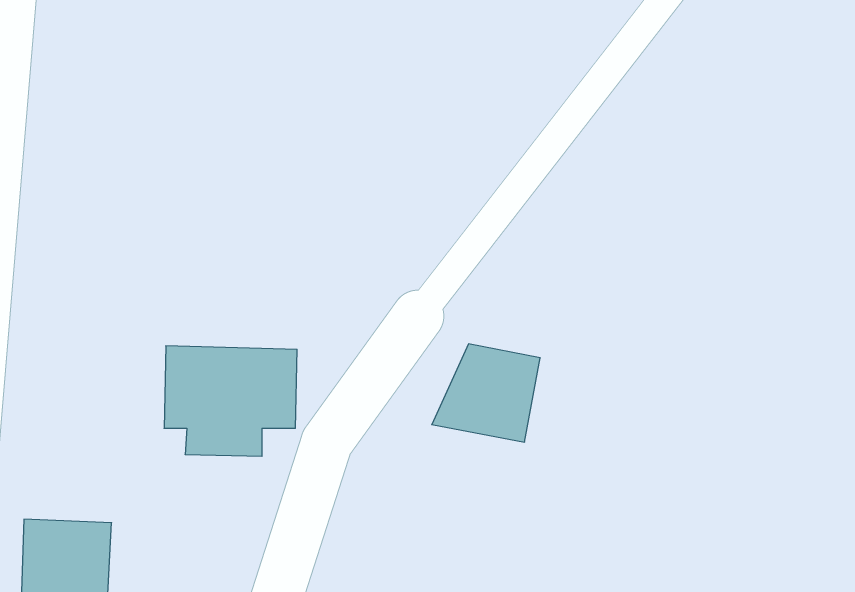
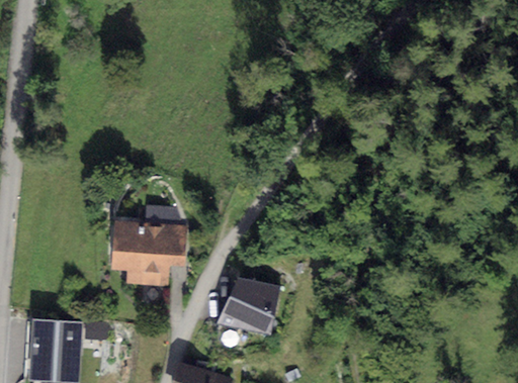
building: [432,344,540,442] -> [215,278,278,334]

